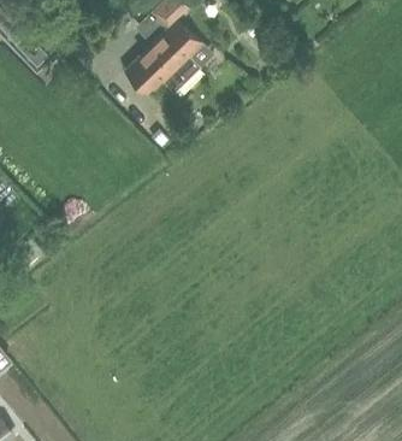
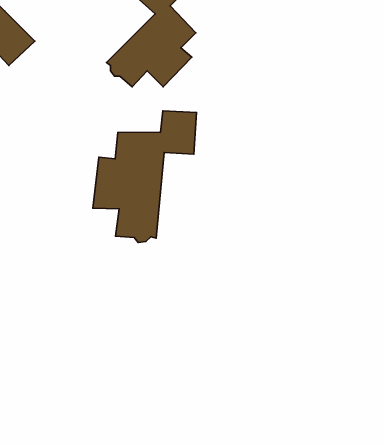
building: none -> [93,111,197,242]

